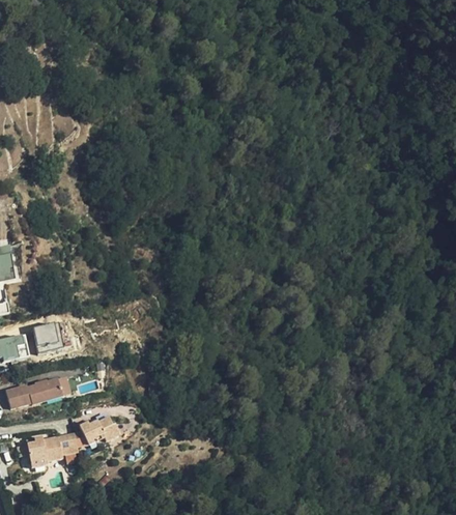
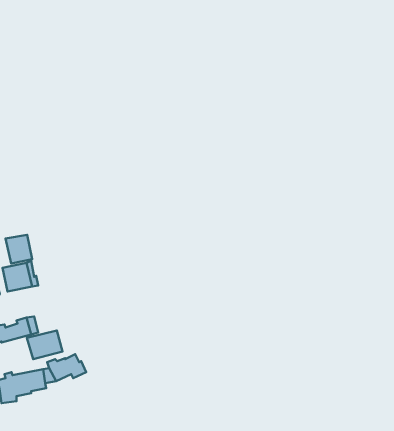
building: none -> [6,235,32,263]
building: none -> [27,331,62,359]

